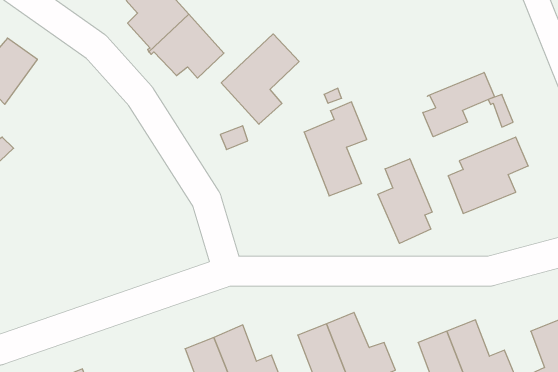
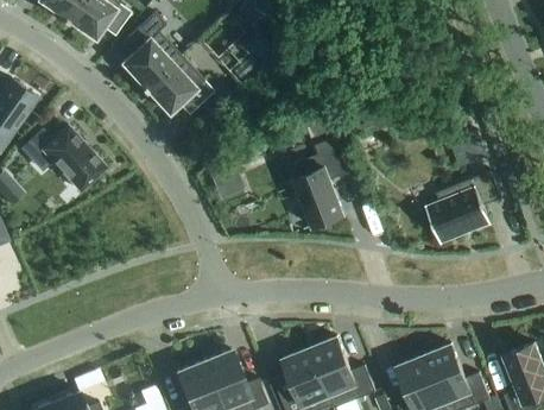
building: [221,34,299,124] -> none
building: [423,72,494,137] -> none
building: none -> [20,126,105,191]
building: [378,159,432,243] -> none

